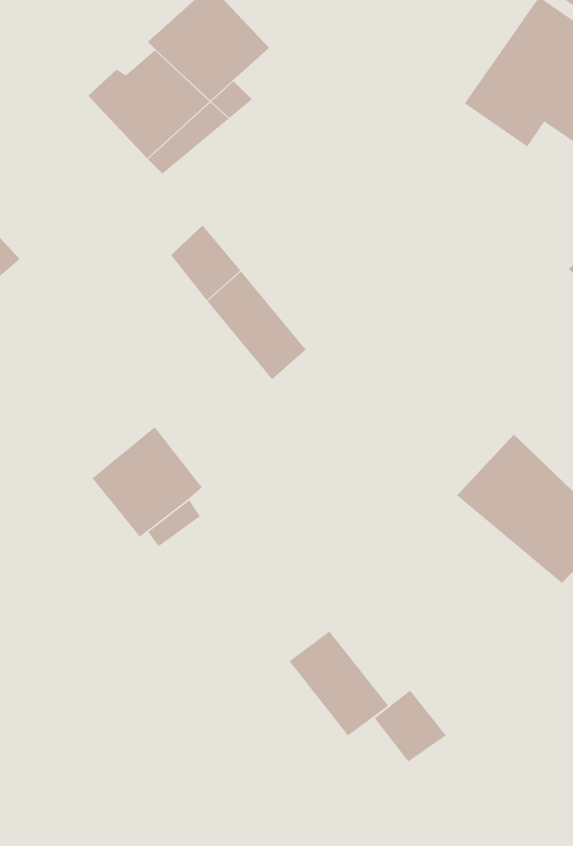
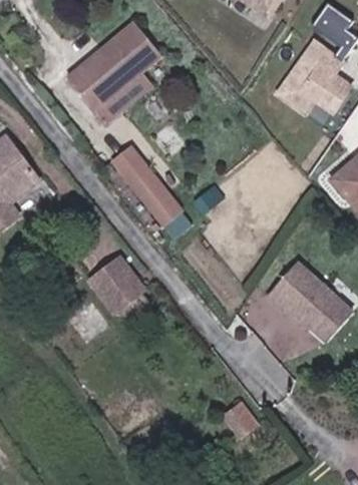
building: [288,630,389,737] -> none

